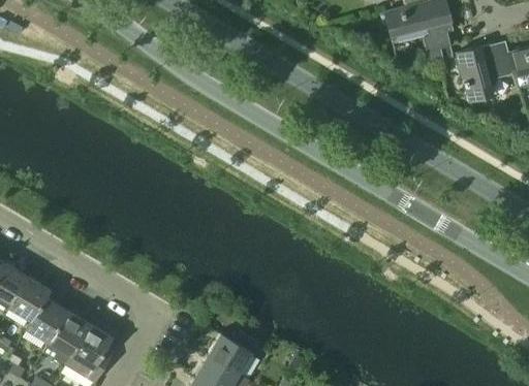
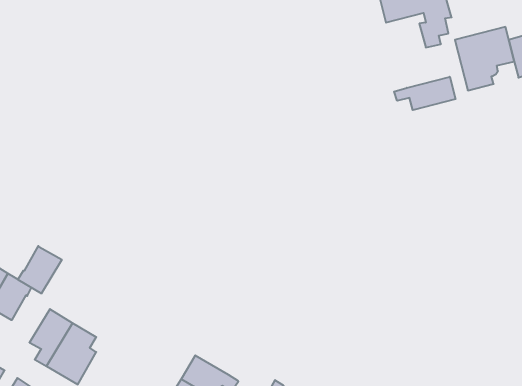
building: none -> [394,77,456,110]
building: [26,297,68,343] -> [18,246,62,293]
building: [208,332,253,374] -> none

